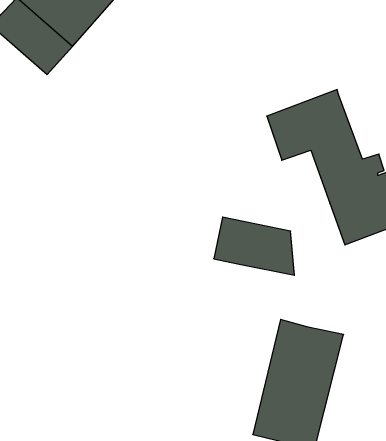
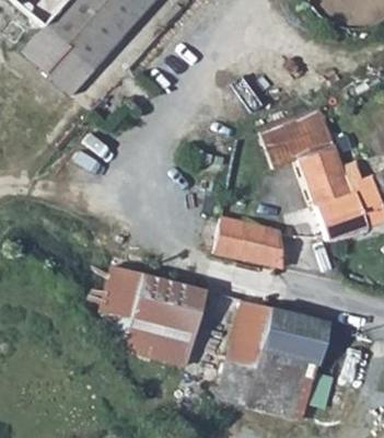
building: none -> [101,266,206,367]
building: none -> [218,299,272,406]

